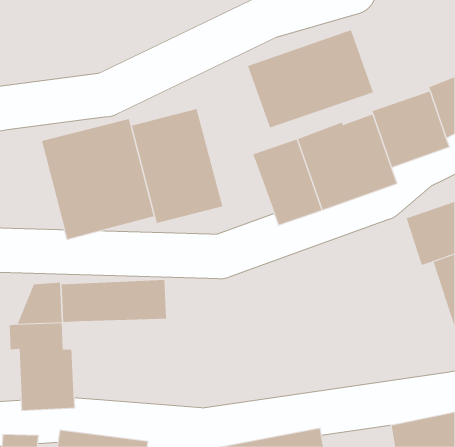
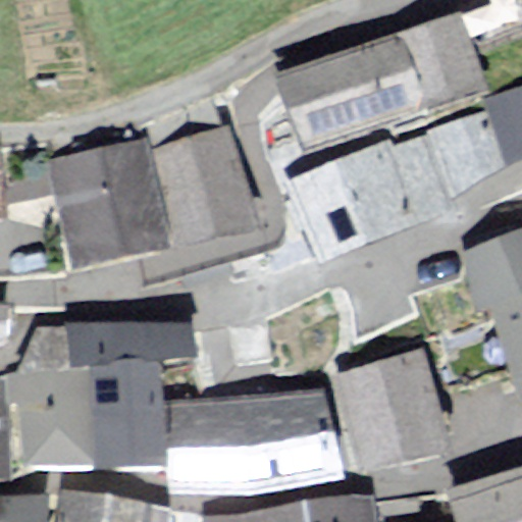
building: none -> [402,15,483,106]
building: none -> [341,355,441,471]
building: none -> [92,366,162,475]
building: none -> [167,394,325,484]

